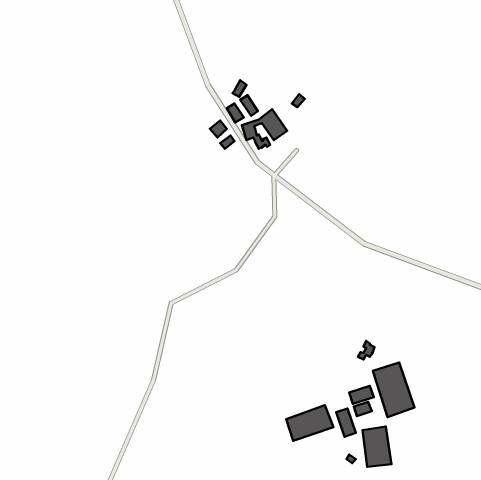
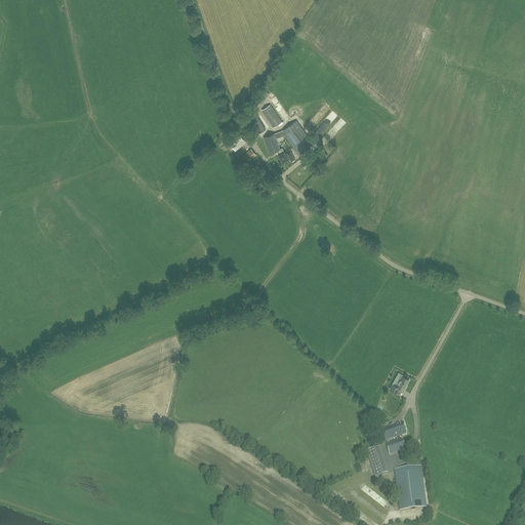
building: [373,363,414,417] -> none
building: [286,405,333,441] -> none

